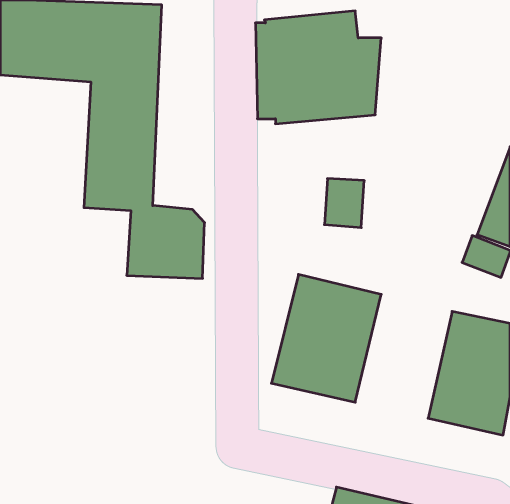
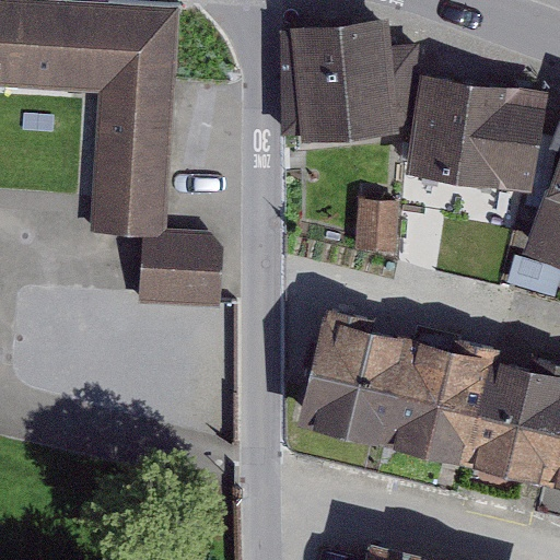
building: none -> [408,75,547,194]
building: none -> [389,329,495,465]

